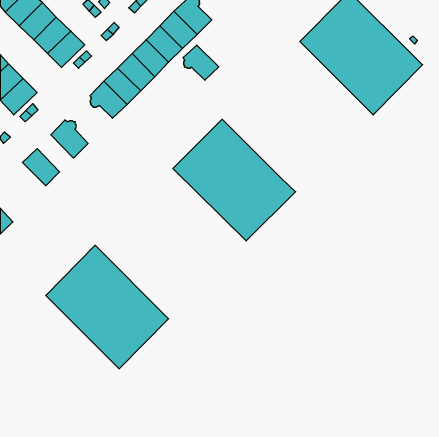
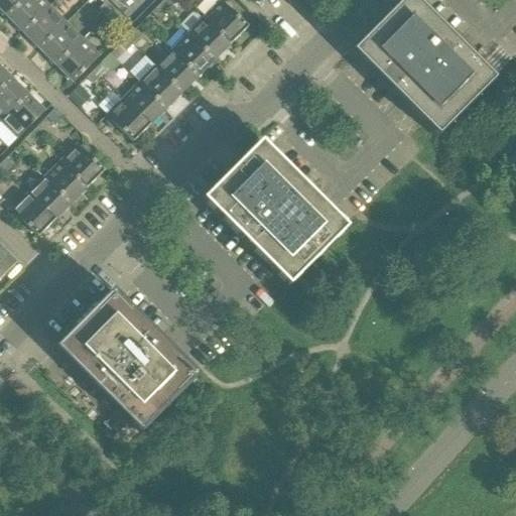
building: [183,45,219,80] -> none
building: none -> [46,157,89,201]
building: none -> [13,189,56,234]

